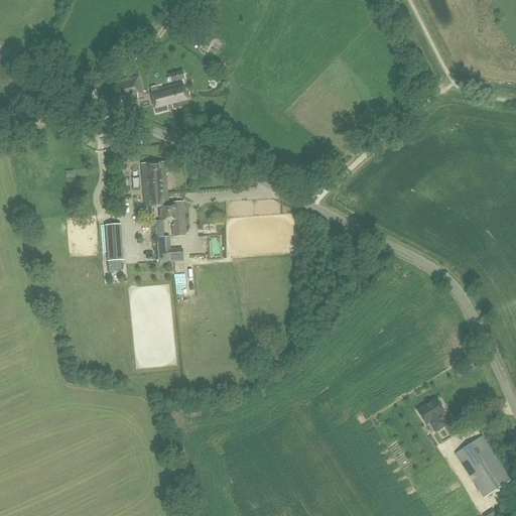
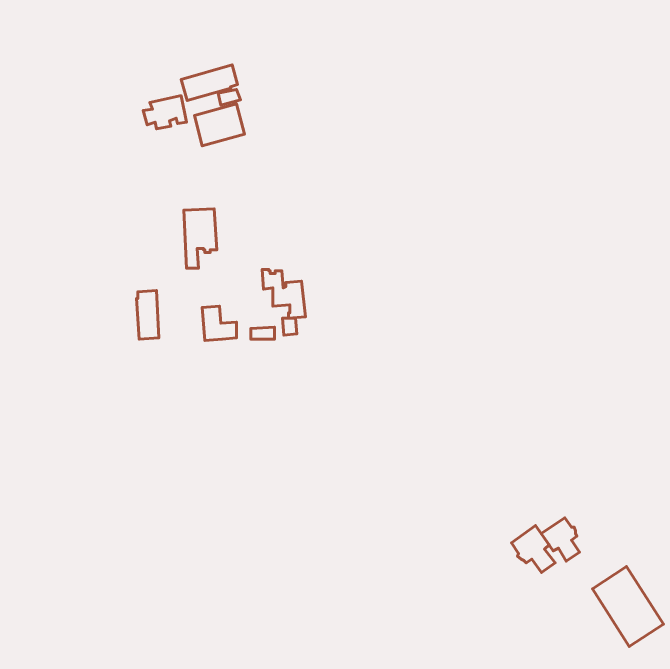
building: none -> [181,65,237,100]
building: [151,190,184,228] -> [262,269,306,318]
building: none -> [511,525,555,572]

